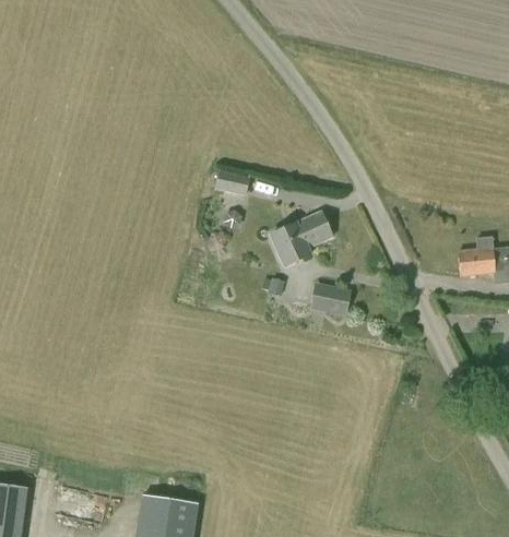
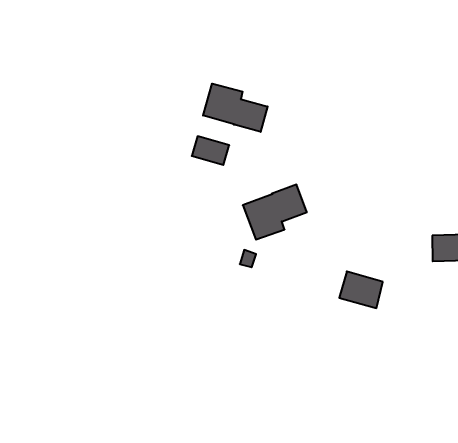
building: none -> [203,84,268,132]
building: [310,282,352,315] -> [339,271,383,308]

